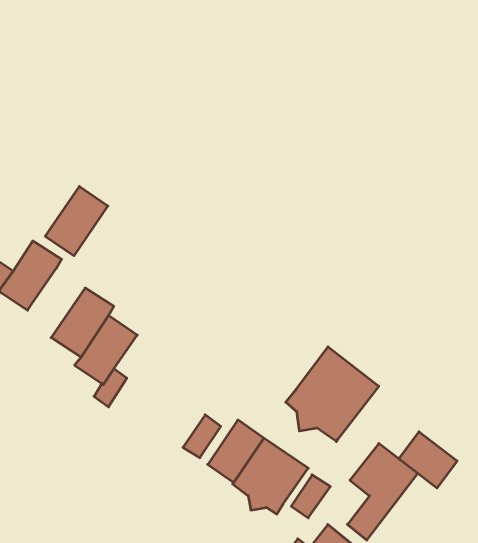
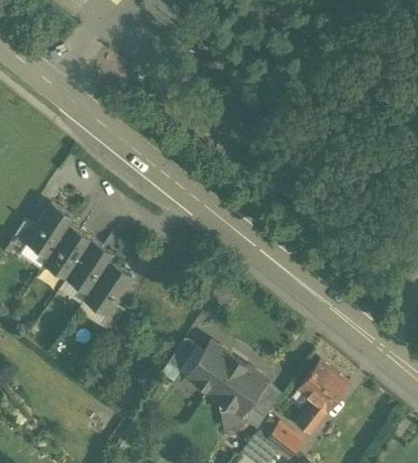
building: [45,186,108,256] -> [44,225,93,278]
building: [286,347,379,442] -> none
building: [399,432,457,488] -> none
building: none -> [221,407,266,431]

